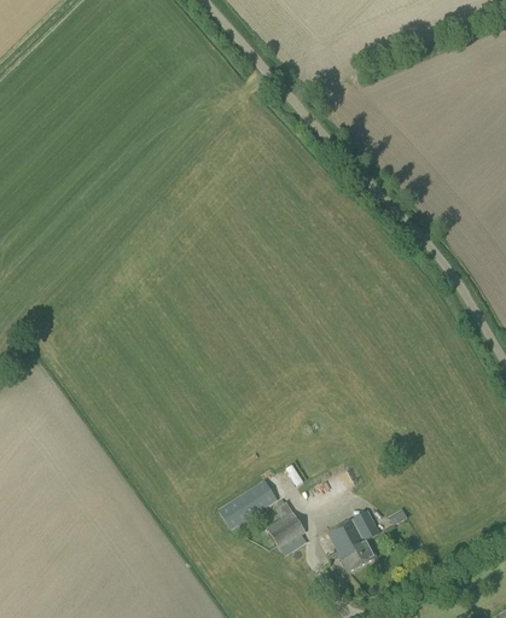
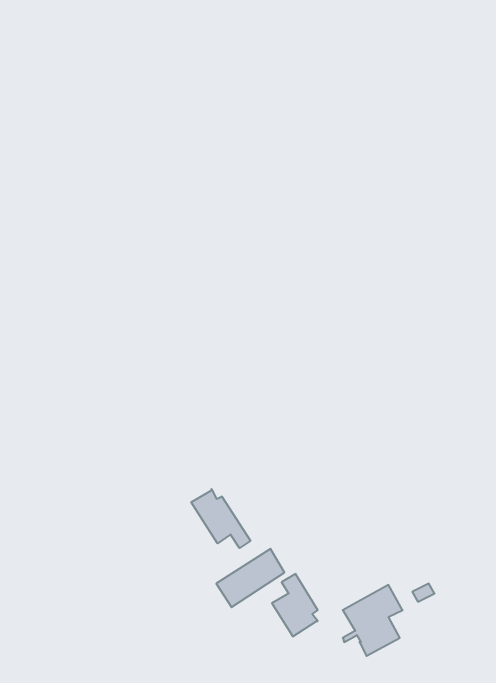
building: none -> [191,489,250,548]

